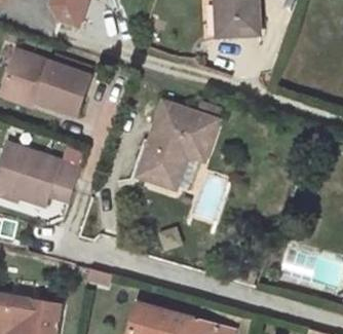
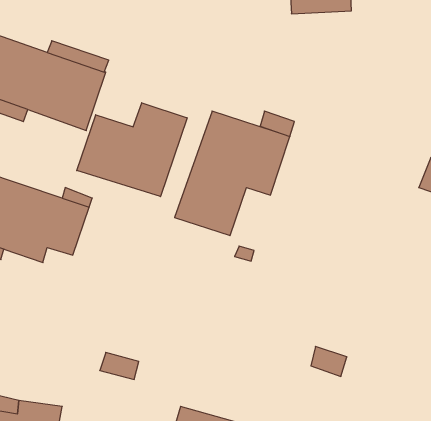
building: none -> [77,103,187,197]

